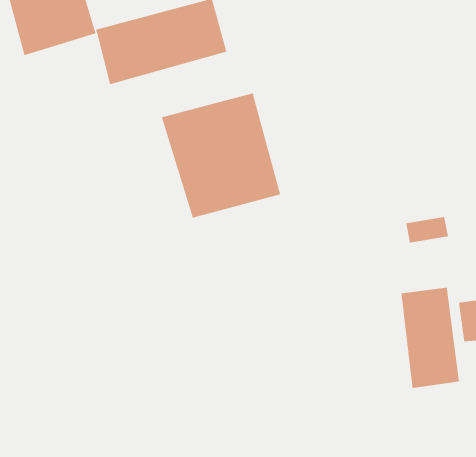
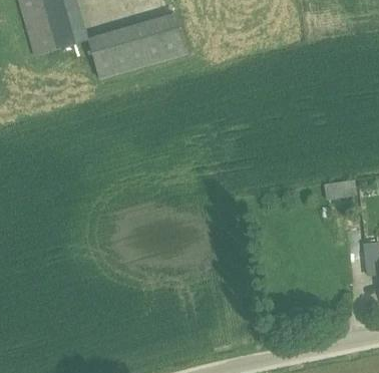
building: [161,92,281,219] -> none
building: [401,287,460,389] -> none

